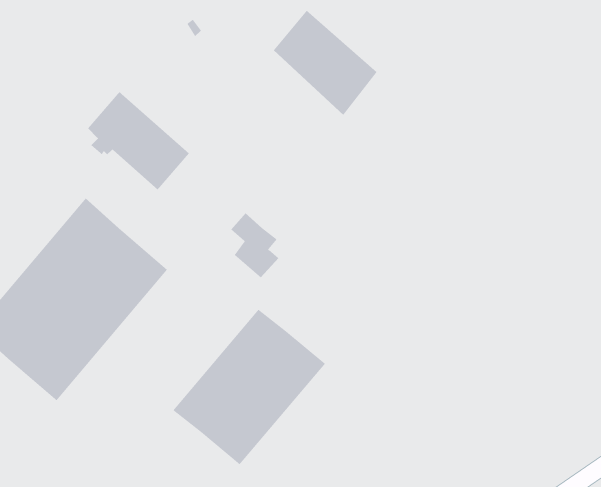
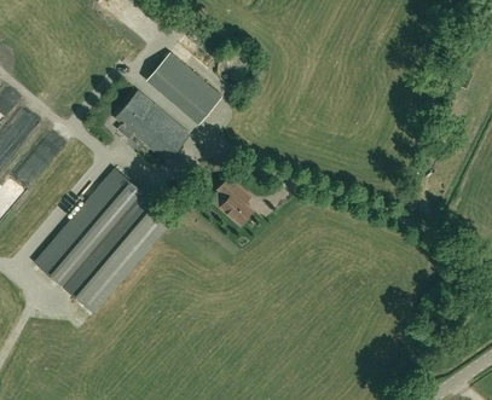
building: [273,10,377,116] -> [145,52,220,128]
building: [173,309,326,465] -> none

